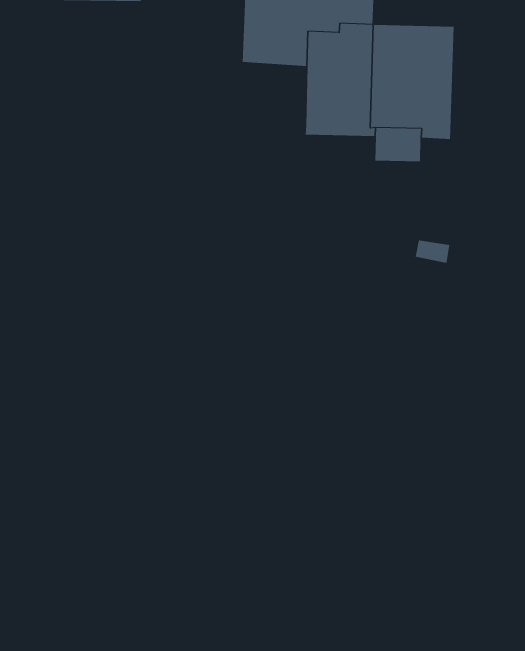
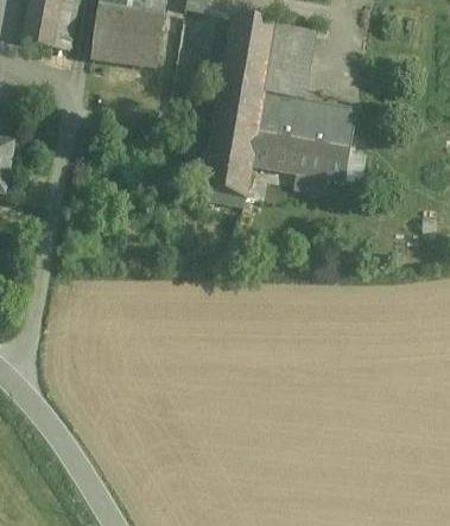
building: none -> [198,113,259,198]

